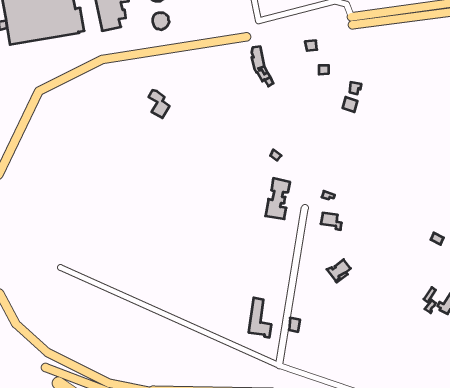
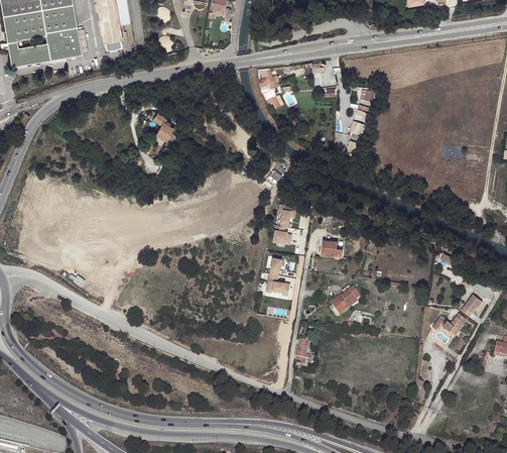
building: [249,298,271,337] -> [266,255,289,296]

